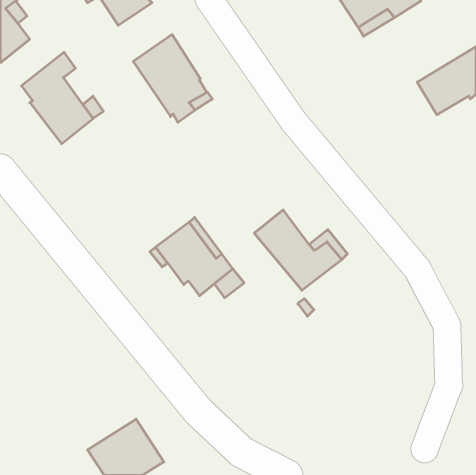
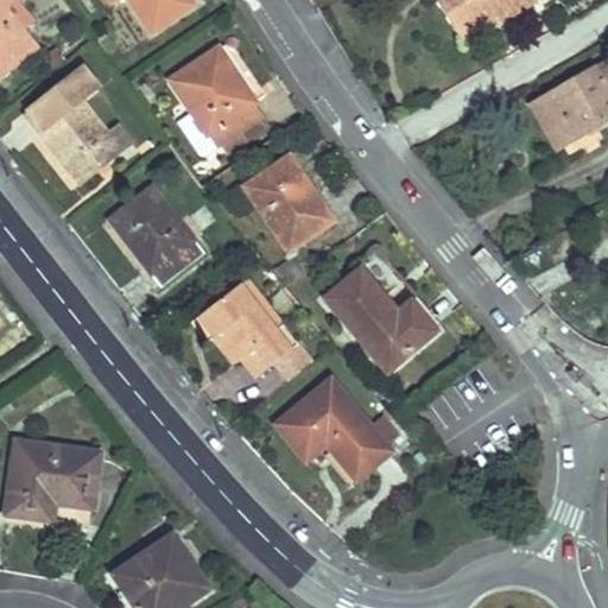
building: none -> [241,153,332,252]
building: none -> [110,185,203,284]
building: none -> [273,376,390,479]
building: none -> [7,438,99,517]

